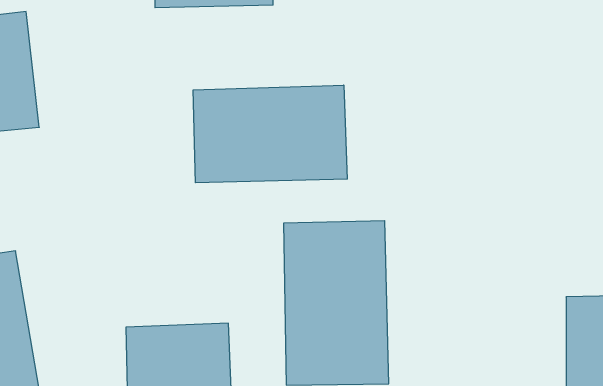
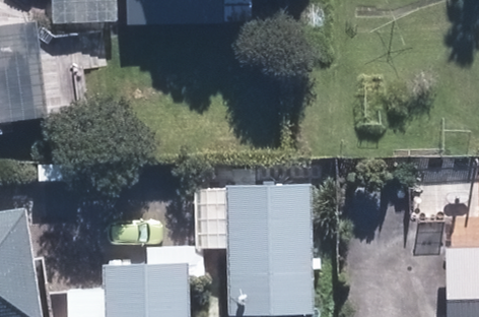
building: [193,85,347,183] -> none

